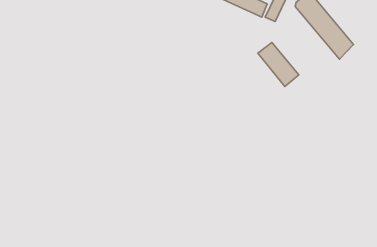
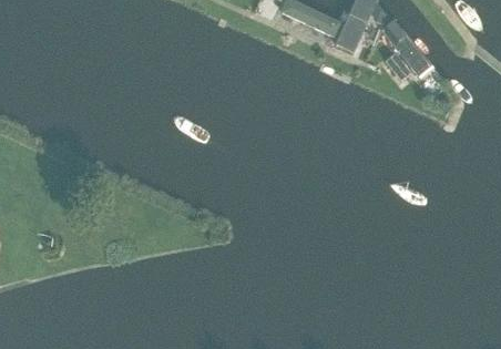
building: [258,43,299,86] -> none

